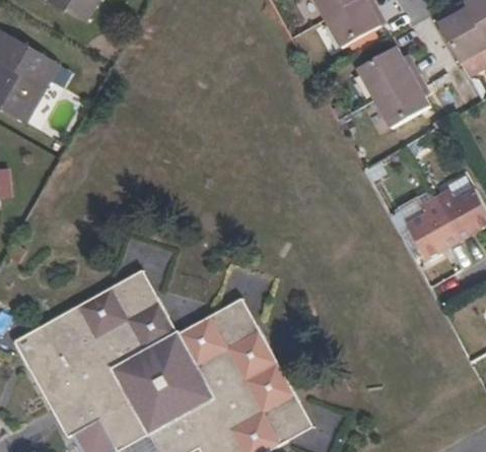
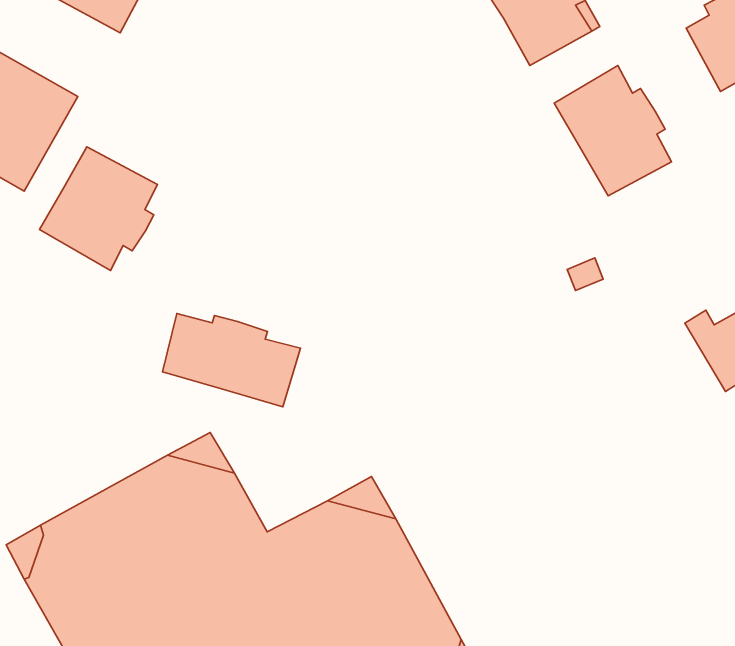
building: none -> [40,147,157,270]
building: none -> [163,314,301,407]
building: [409,204,462,266] -> none

